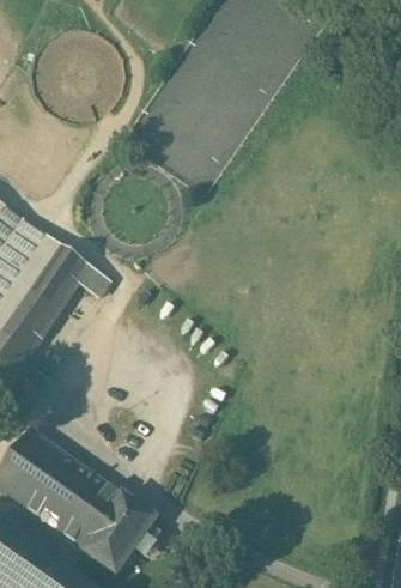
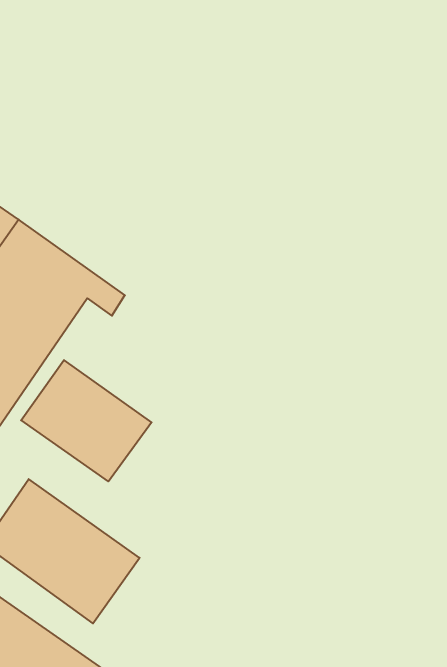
building: none -> [21,360,152,481]
building: [80,493,156,576] -> none

